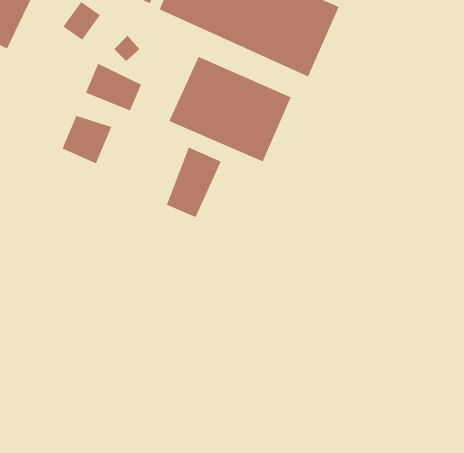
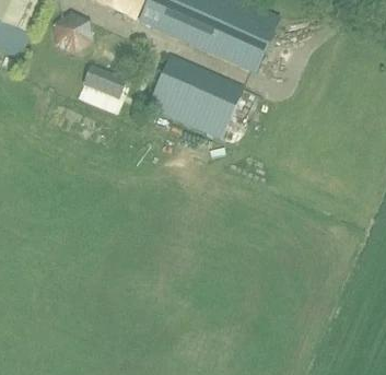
building: [62,115,112,164] -> none
building: [166,147,221,218] -> none

